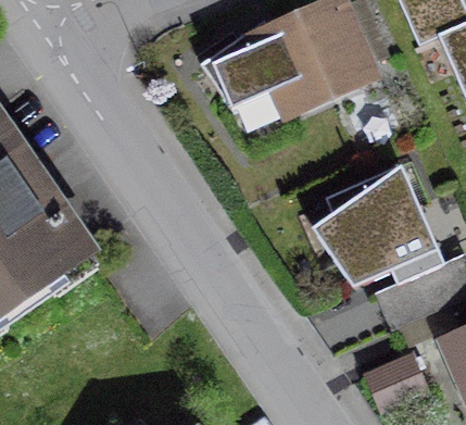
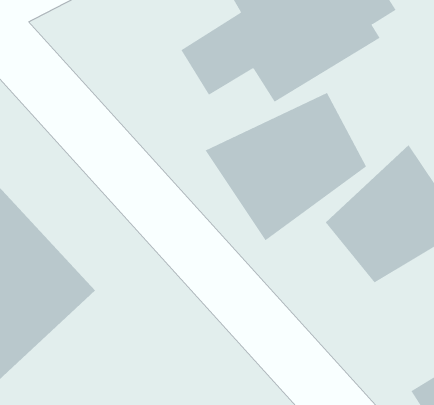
building: none -> [205,92,367,241]

